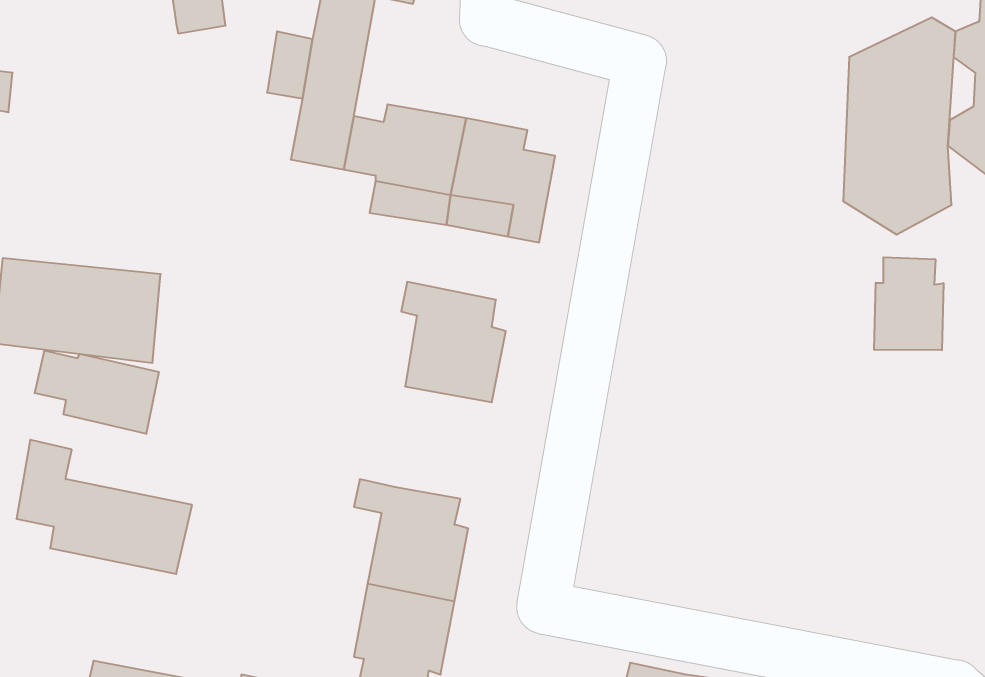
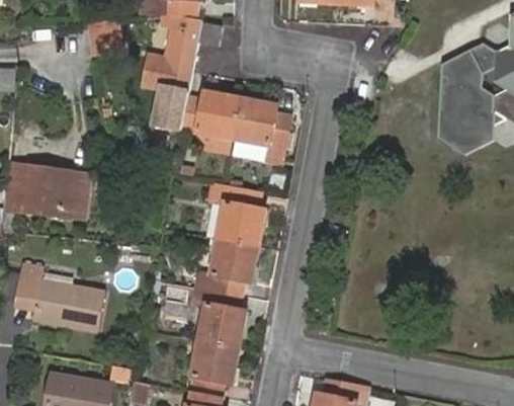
building: [874,257,943,350] -> none
building: [35,351,159,434] -> none
building: none -> [191,233,259,291]

